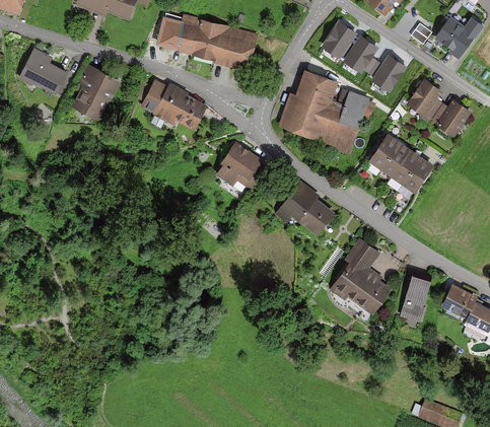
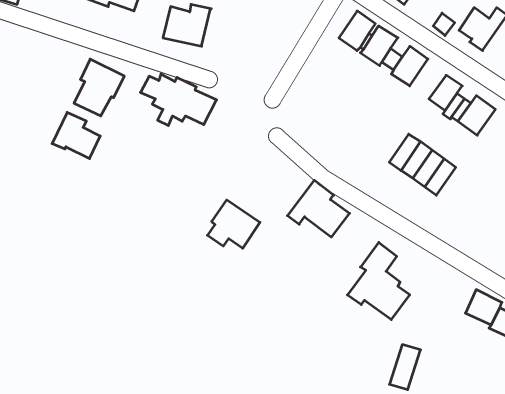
building: [192,19,258,71] -> none
building: [19,50,65,93] -> [52,112,100,159]
building: [279,70,373,154] -> none
building: [217,142,267,188] -> [207,200,260,248]
building: [401,278,430,321] -> [389,345,421,390]

